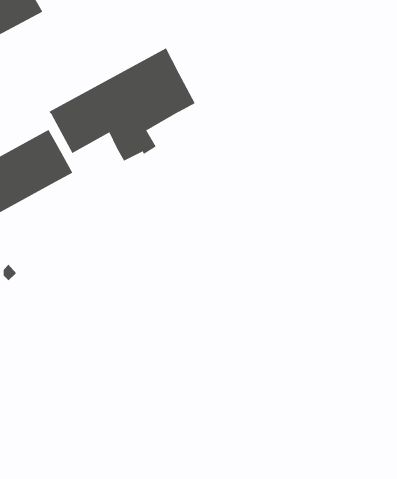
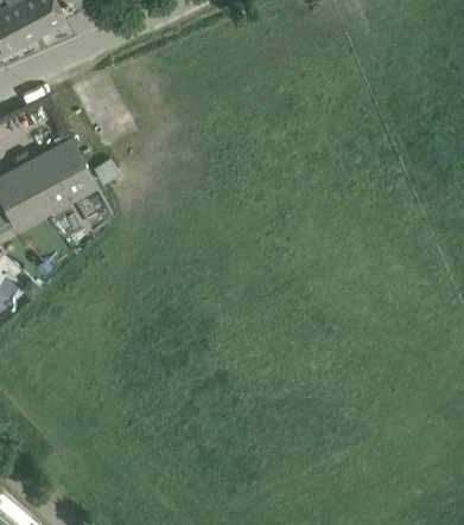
building: [49,47,195,161] -> none

